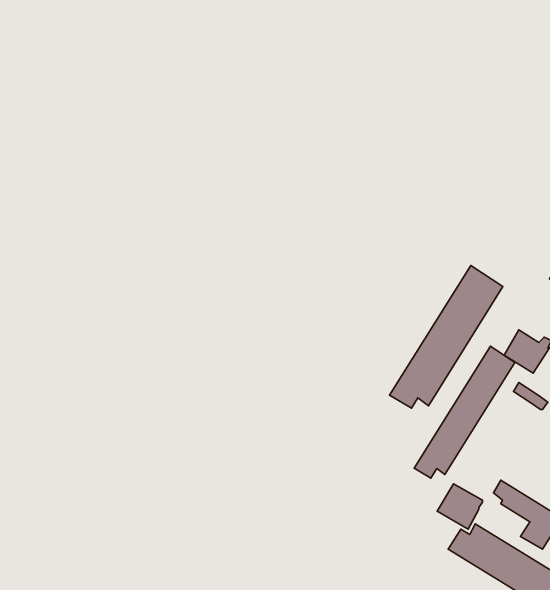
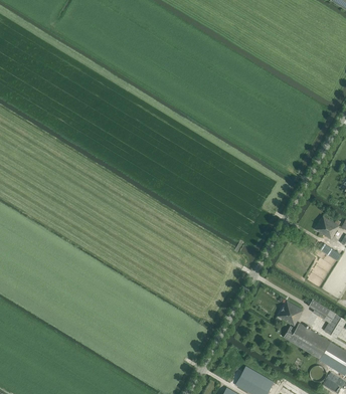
building: [390,266,503,408] -> none
building: [414,346,515,478] -> none

